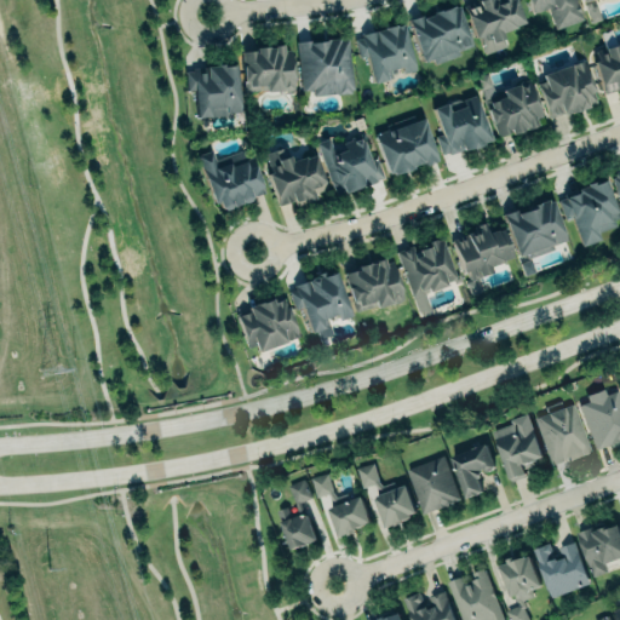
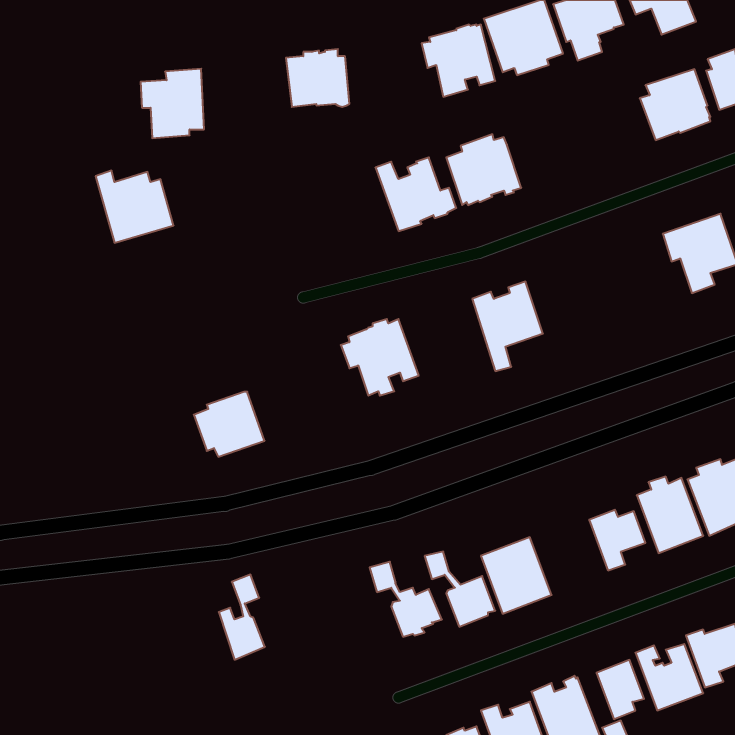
building: [298,36,356,96] -> none
building: [185,59,239,117] -> [141,69,204,138]
building: [477,74,544,137] -> none
building: [432,97,490,157] -> none
building: [266,148,328,206] -> none
building: [200,151,265,212] -> [96,171,174,243]
building: [504,199,568,258] -> none
building: [453,228,512,295] -> none
building: [345,258,406,314] -> none
building: [240,297,299,351] -> [194,392,265,457]
building: [454,446,495,498] -> none
building: [280,480,318,551] -> [219,575,265,660]

